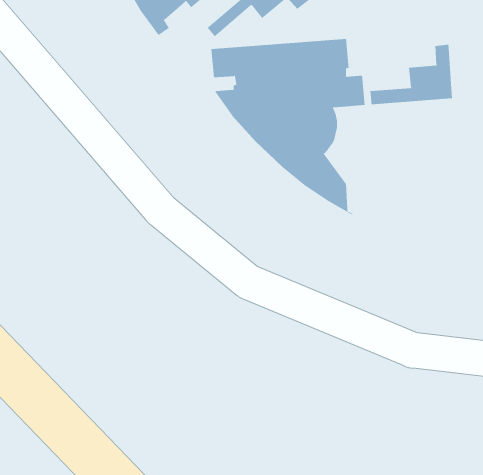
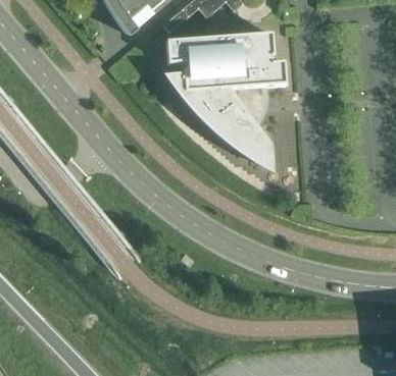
building: [370,44,452,105] -> none

